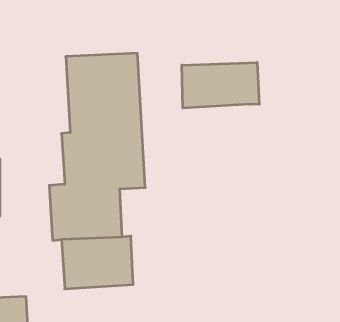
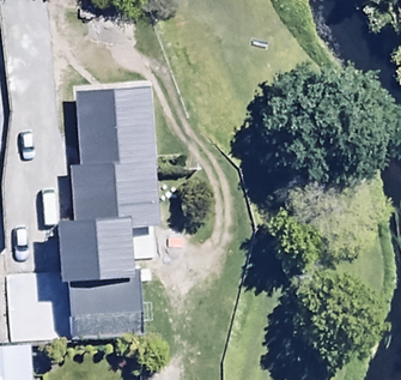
building: [182,62,259,108] -> none

